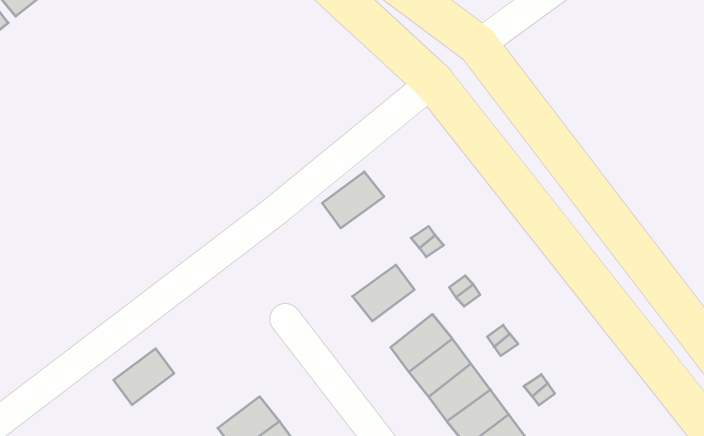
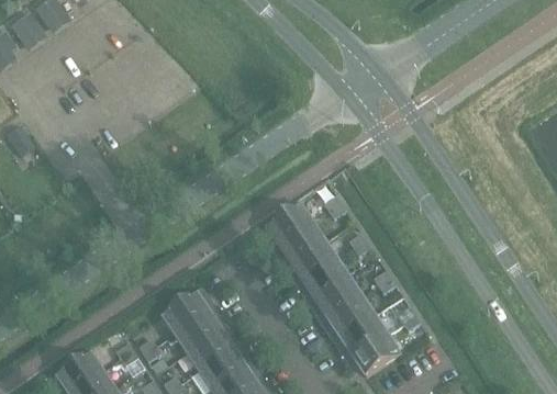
building: [322,172,384,228] -> [267,204,312,244]
building: none -> [292,241,336,282]
building: [114,349,174,405] -> [164,293,208,333]

